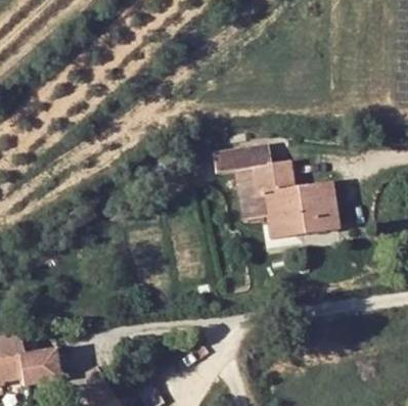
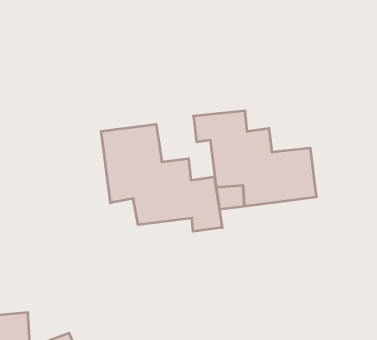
building: none -> [101,124,222,231]

